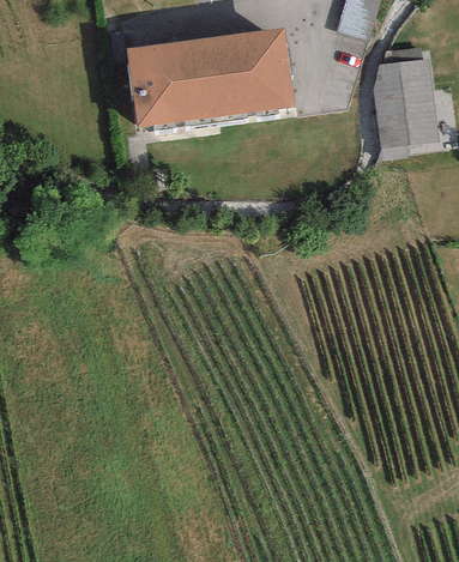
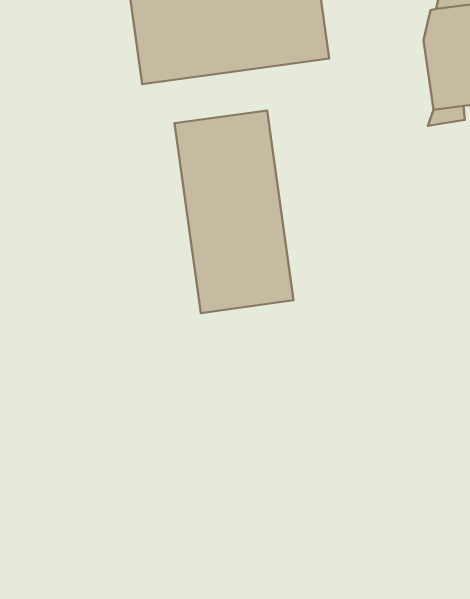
building: none -> [175,110,293,313]

